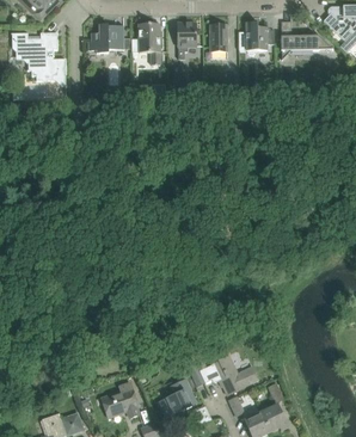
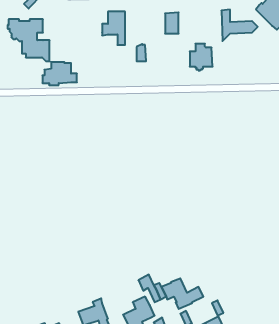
building: [239,21,268,55] -> [190,44,213,70]
building: [178,23,196,59] -> none
building: [88,24,131,53] -> [42,62,77,85]

